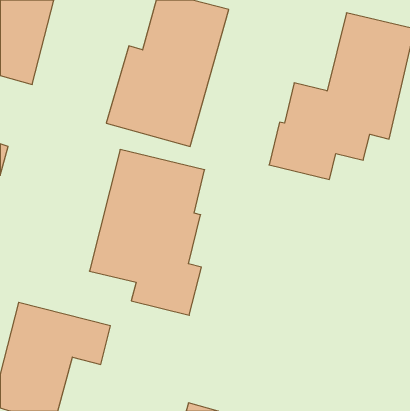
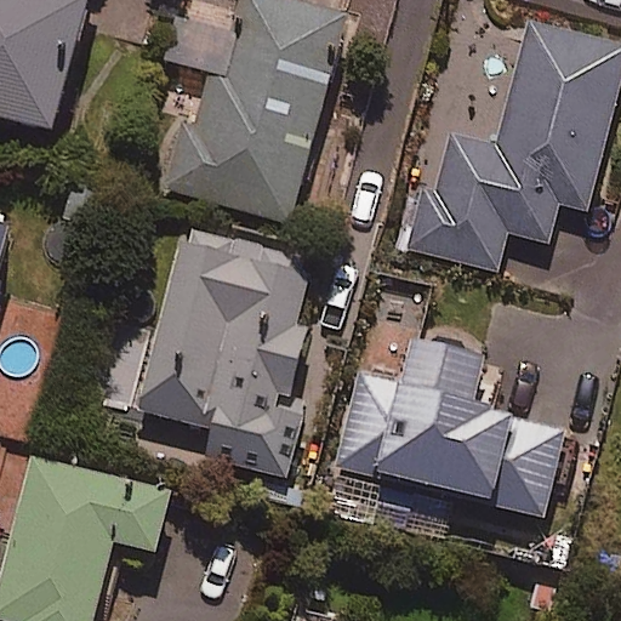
building: none -> [334,335,565,529]

